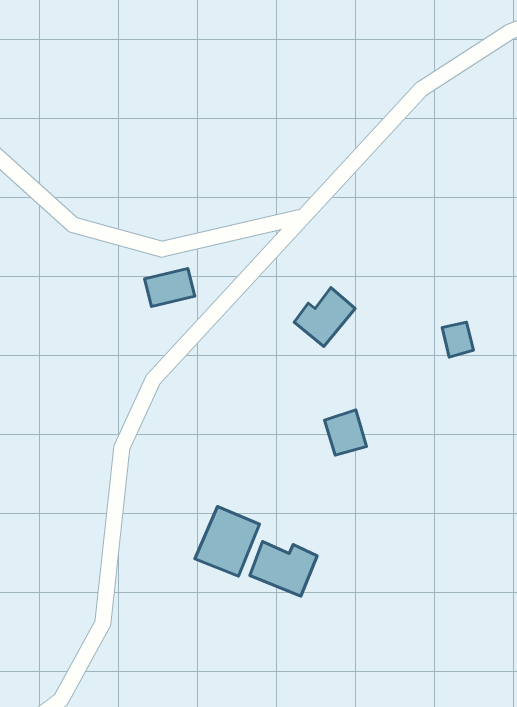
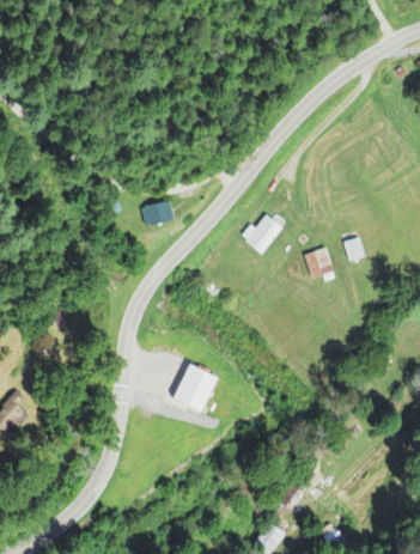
building: [325,410,366,455] -> [304,246,333,278]
building: [250,541,317,596] -> none

